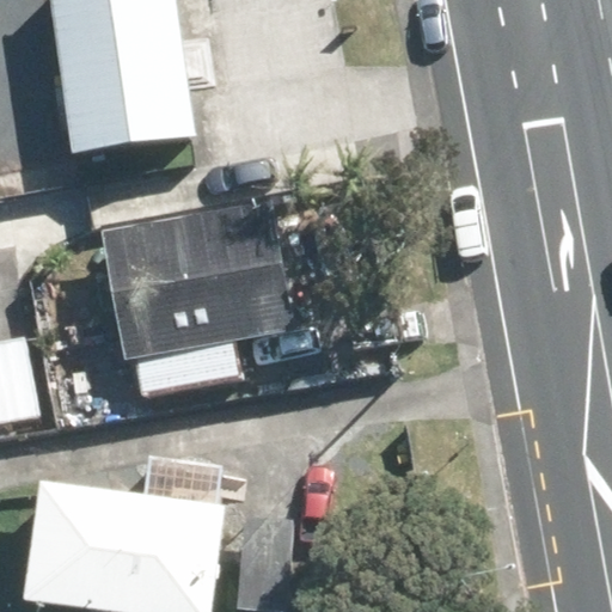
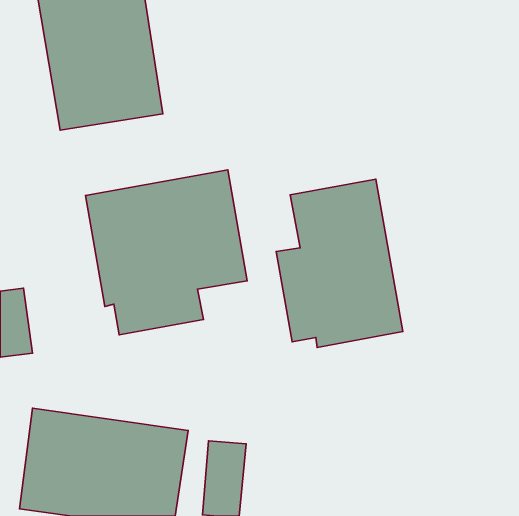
building: none -> [276,179,403,347]

